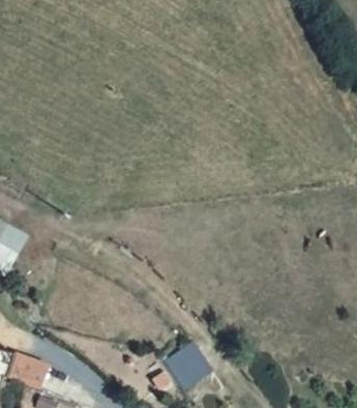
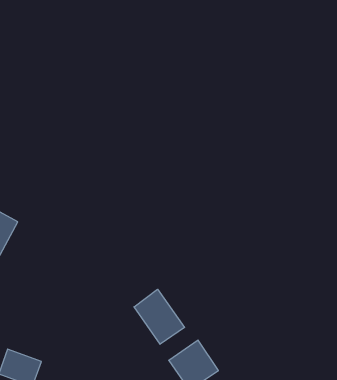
building: none -> [134,289,185,344]

